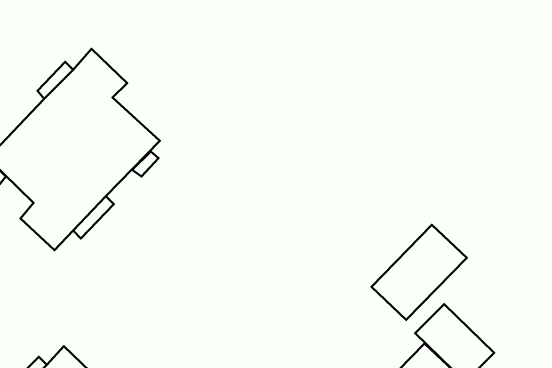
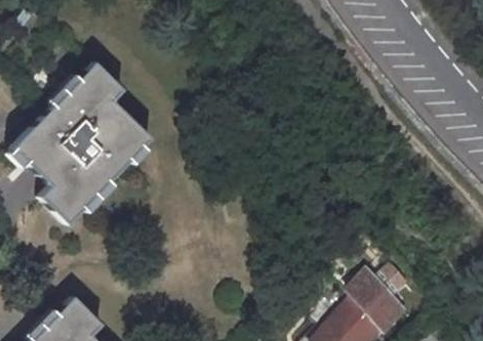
building: [371,225,467,320] -> none

